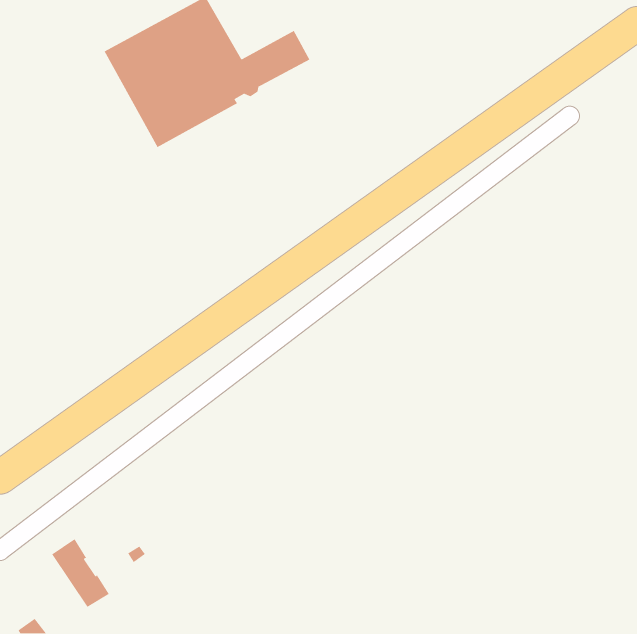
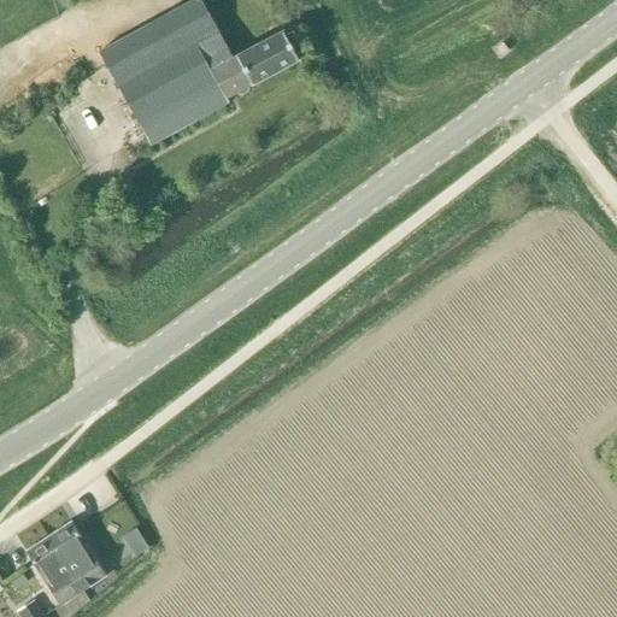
building: none -> [27,536,84,604]

